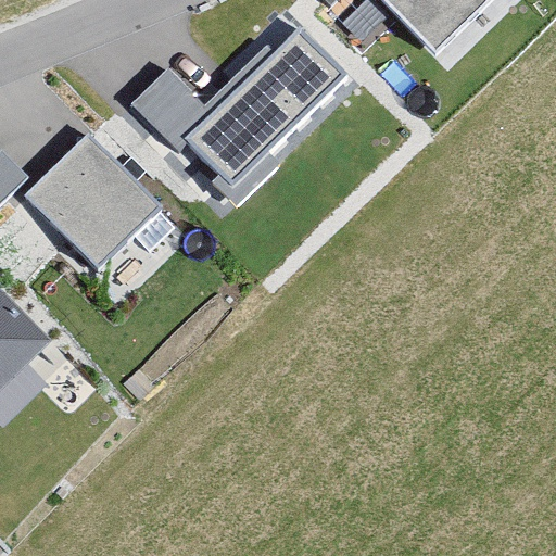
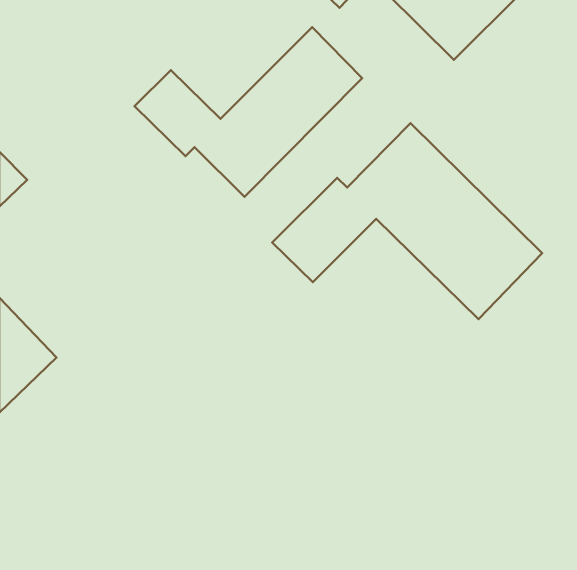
building: none -> [272,123,542,319]
building: [24,131,161,267] -> none

